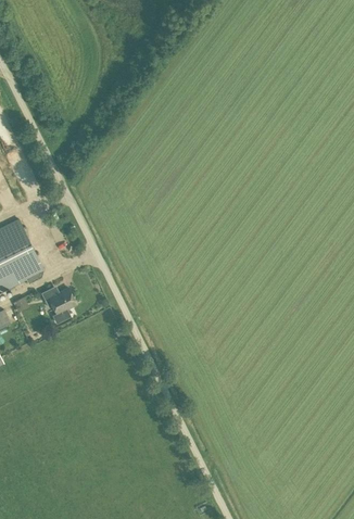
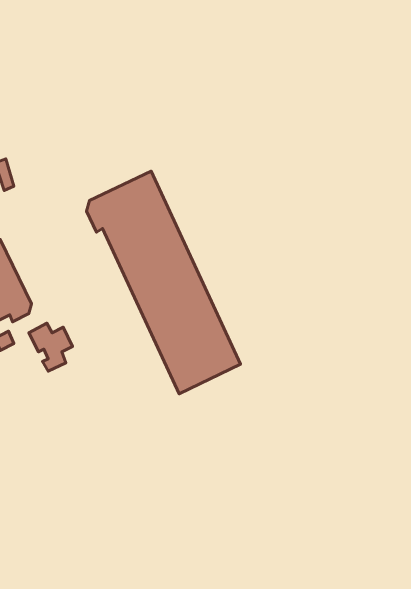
building: none -> [87,171,241,394]

